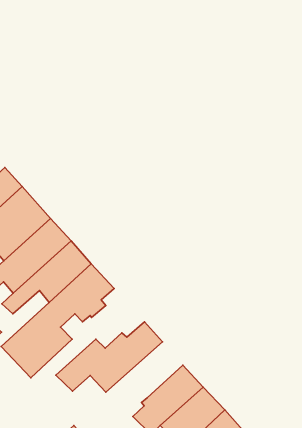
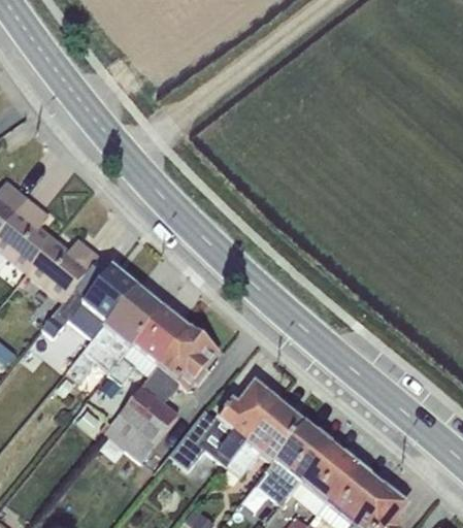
building: none -> [226,399,304,475]

